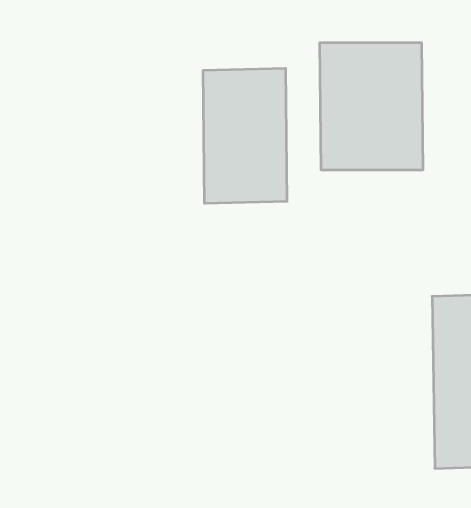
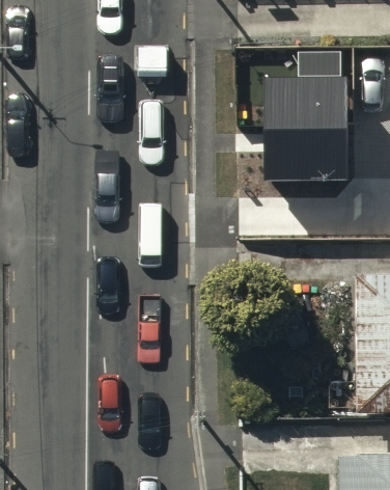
building: [203,68,287,203] -> none

